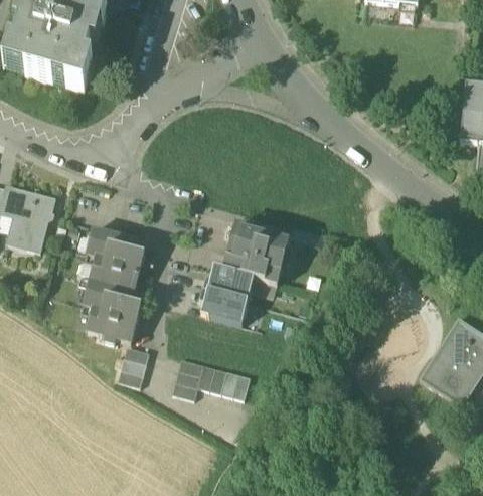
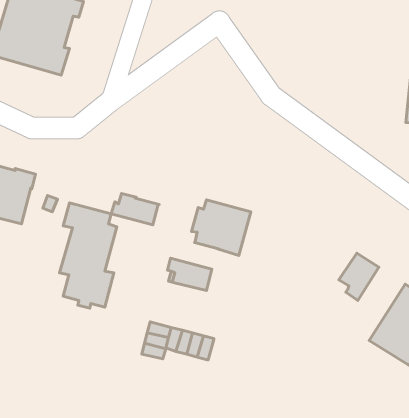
building: [202,267,255,301] -> [111,194,159,225]
building: none -> [339,253,379,300]
building: [117,346,149,386] -> none

